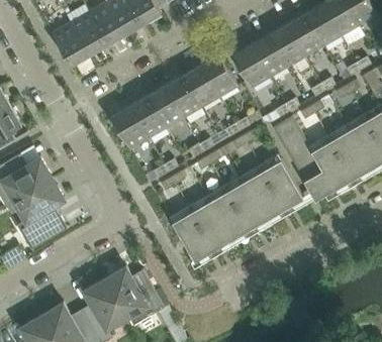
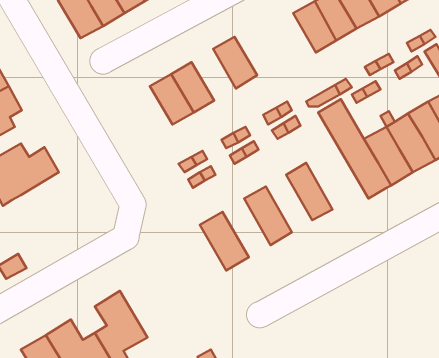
building: [231,44,270,89] -> none
building: [201,54,238,97] -> none
building: [165,75,202,118] -> none
building: [109,106,149,150] -> none
building: [262,159,303,210] -> none
building: [13,179,65,250] -> none
building: [227,181,267,229] -> none
building: [191,201,231,250] -> none
building: [104,266,165,326] -> none

